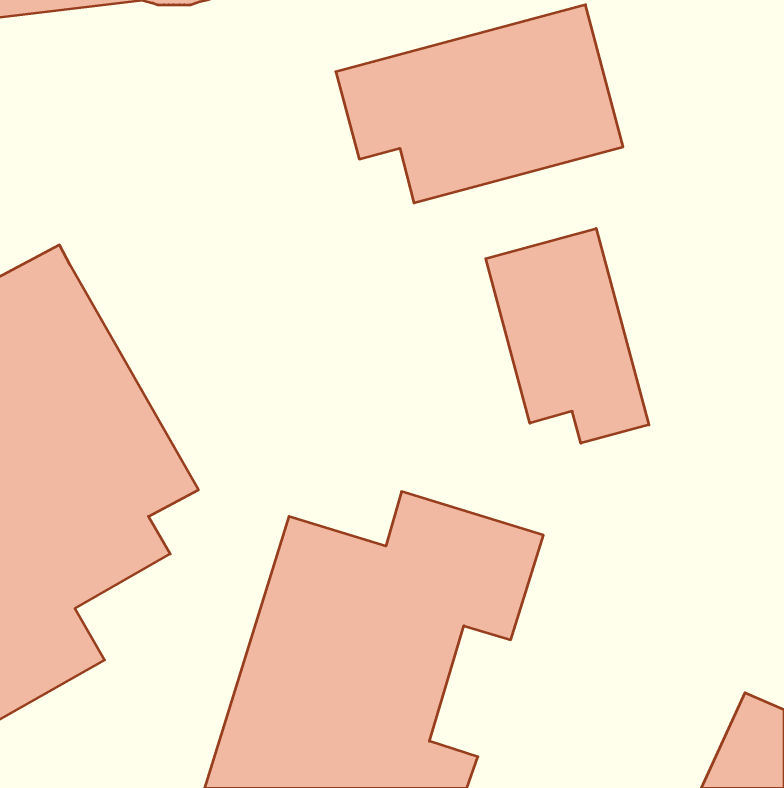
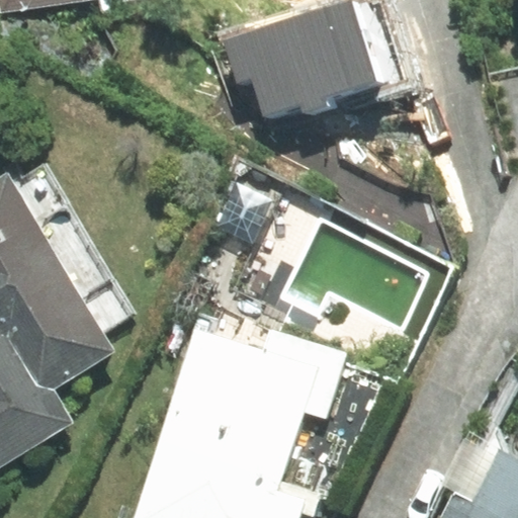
building: [486,228,649,443] -> none

